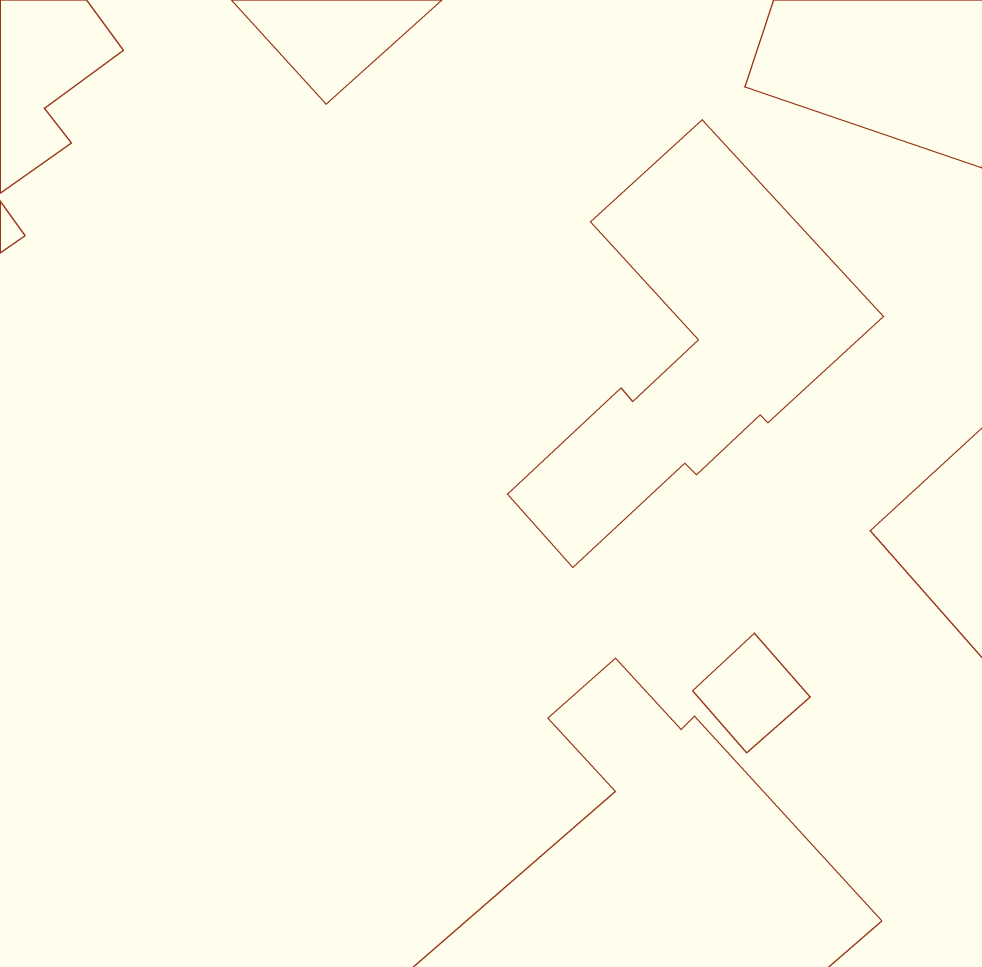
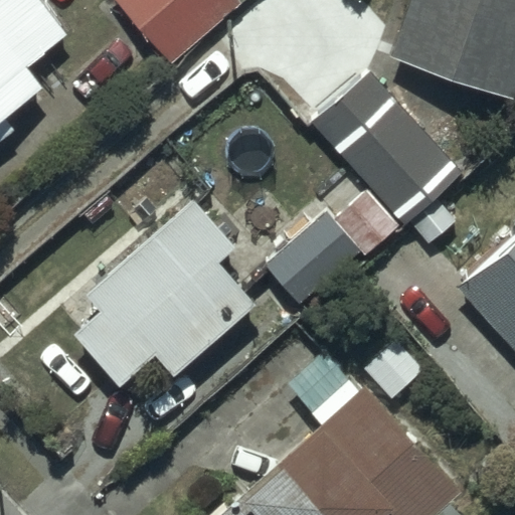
building: none -> [71,198,254,385]

